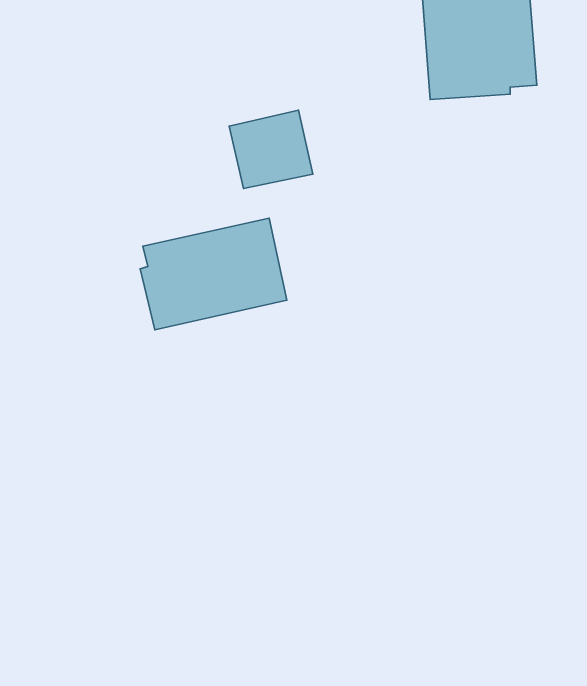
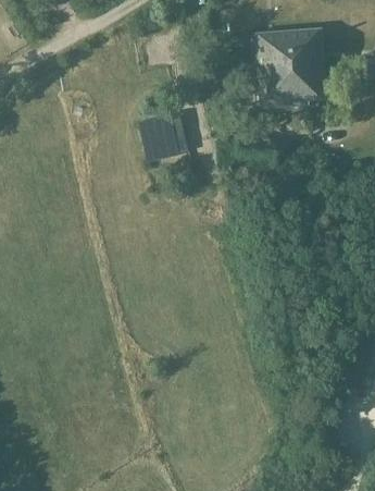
building: [140,218,287,330] -> none

